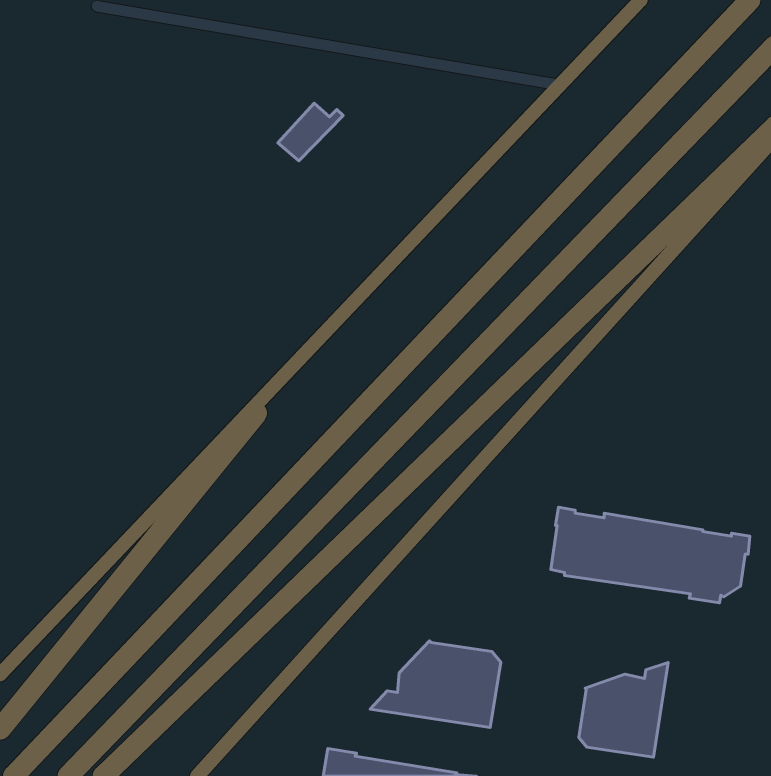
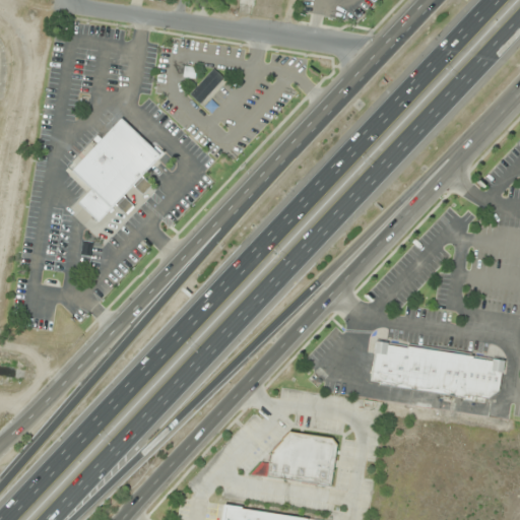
building: none -> [72,119,165,221]
building: [579,662,668,757] -> none

